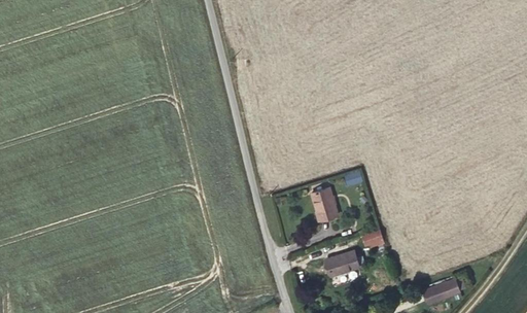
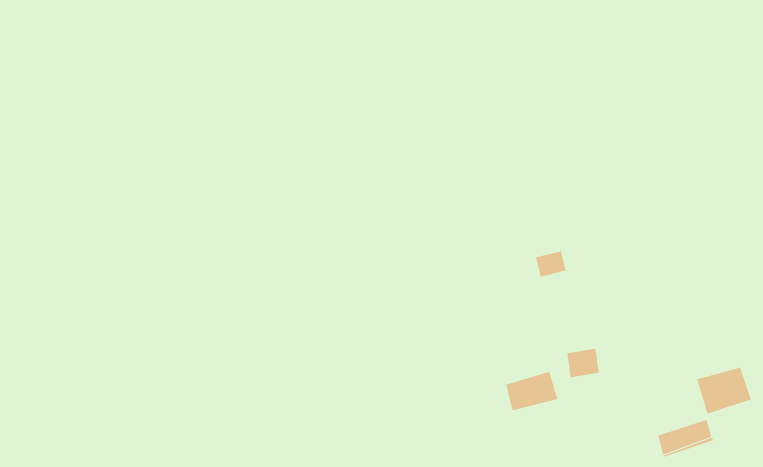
building: [314,186,339,218] -> none
building: none -> [697,367,751,415]

